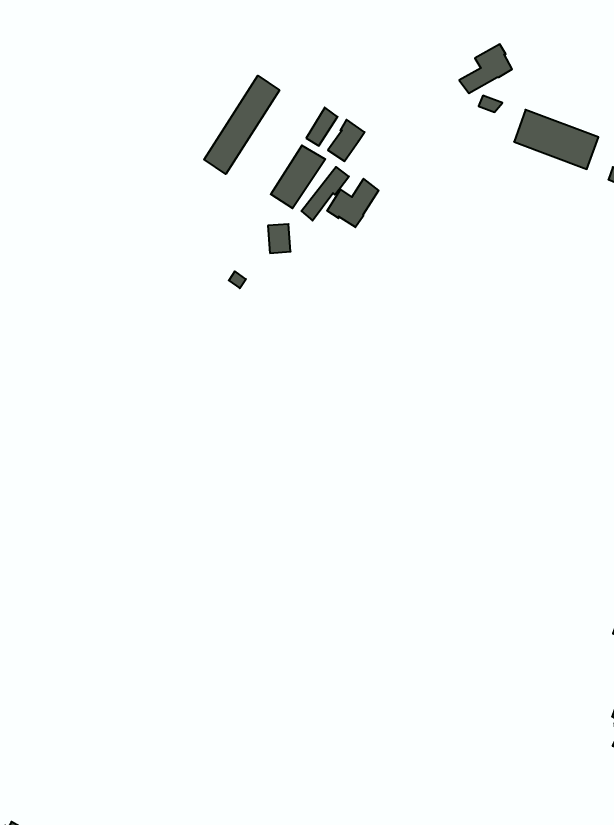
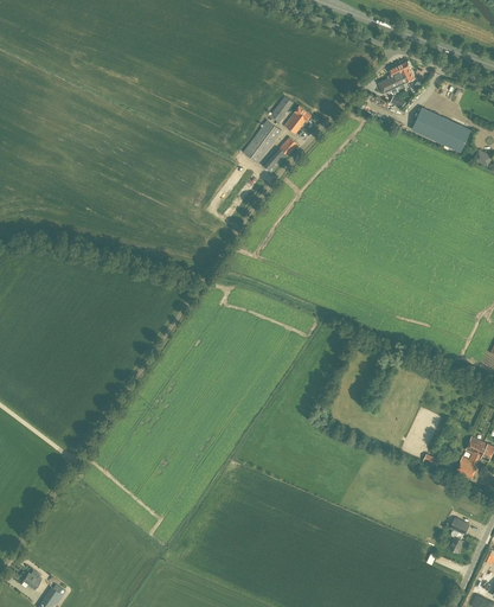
building: [204,76,279,174] -> none
building: [327,179,379,227] -> none

